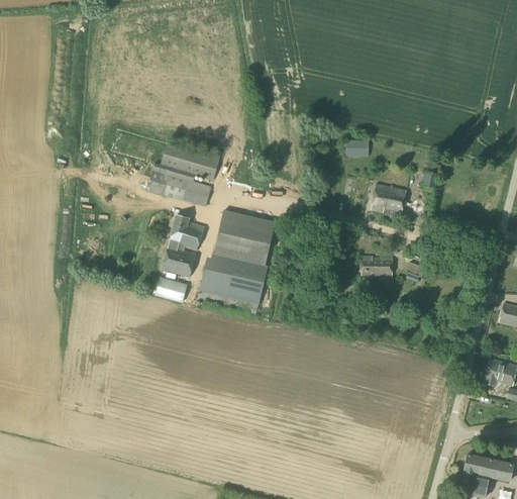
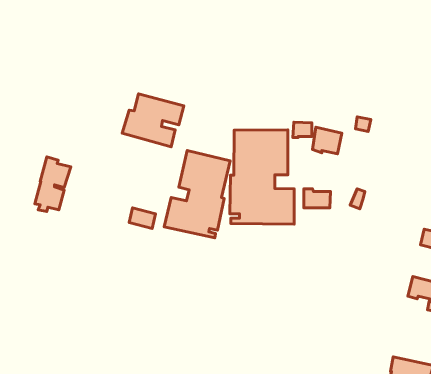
building: [346,139,369,158] -> [293,122,312,137]
building: none -> [230,130,294,224]
building: [162,214,204,279] -> [35,157,71,212]

